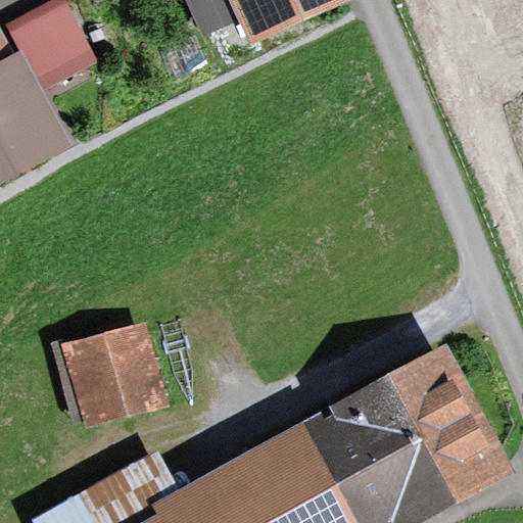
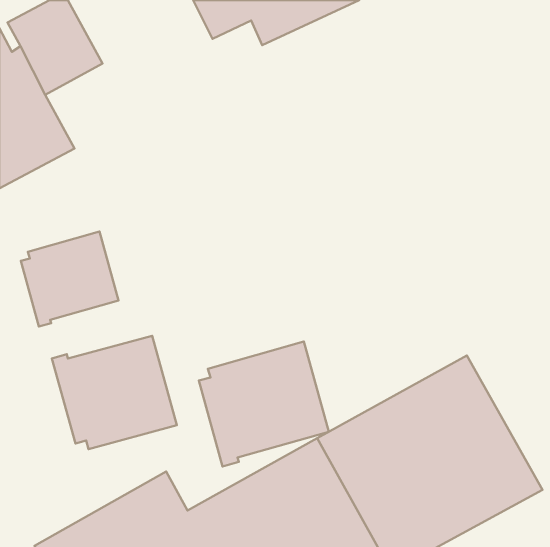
building: none -> [21,231,119,326]
building: none -> [199,342,329,466]

